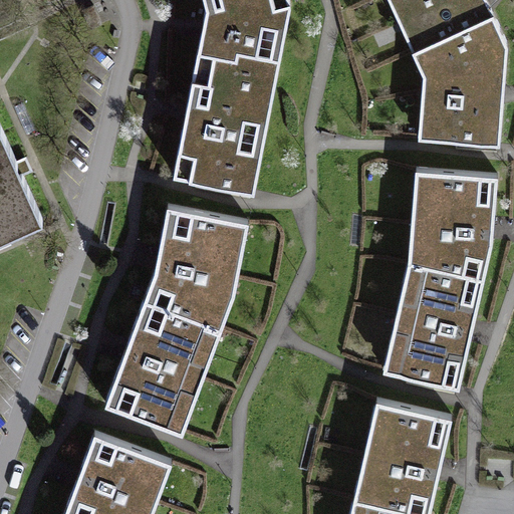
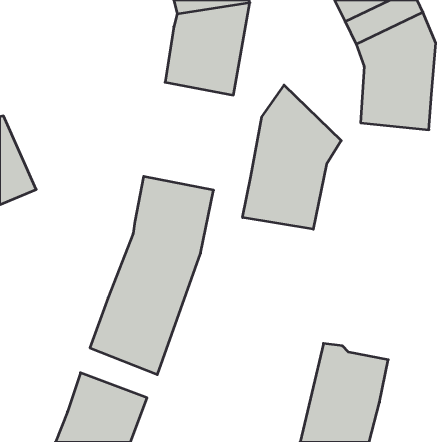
building: [172,95,271,198] -> none
building: none -> [243,85,341,229]
building: [381,168,496,387] -> none

